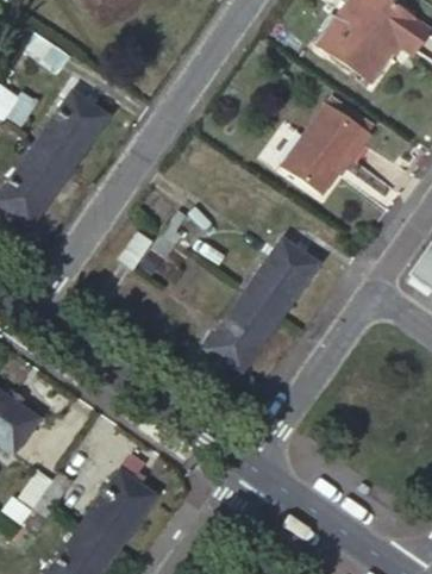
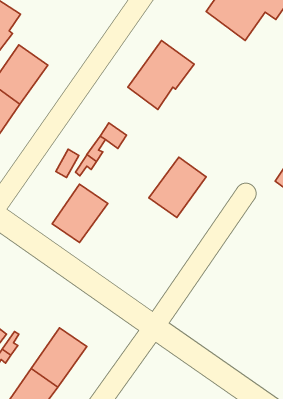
building: [283,101,372,194] -> [128,40,194,109]
building: [206,294,281,373] -> [52,184,108,242]

